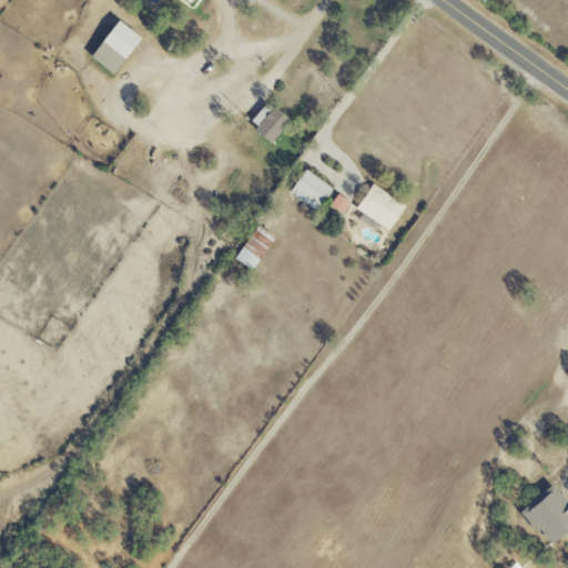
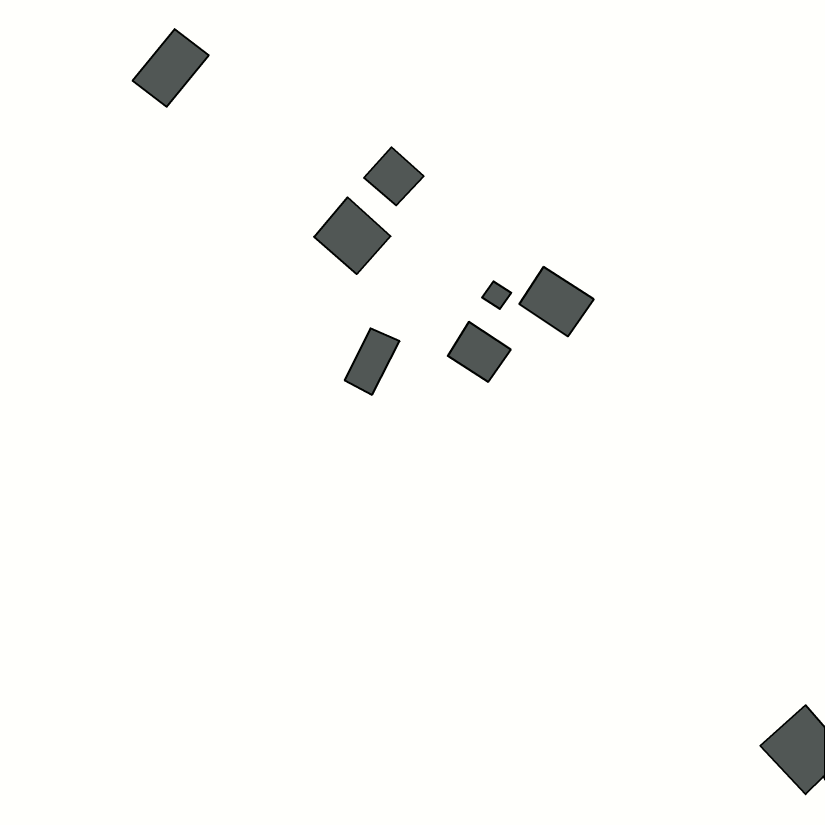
building: none -> [314,197,391,274]
building: [291,169,334,210] -> [448,322,511,382]

